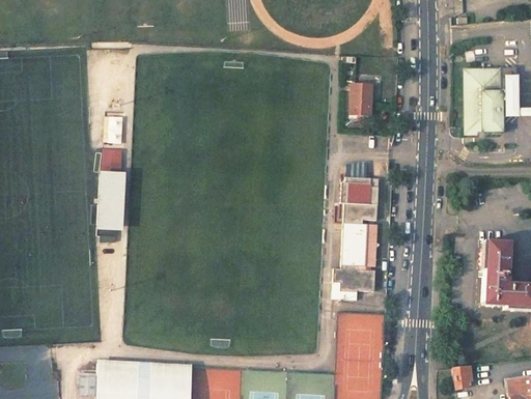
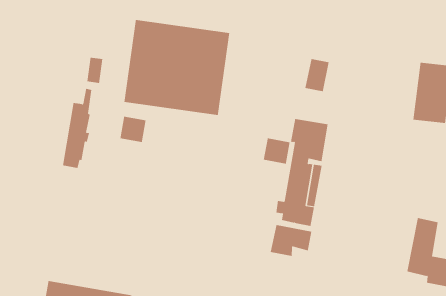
building: none -> [124,19,230,116]
building: none -> [120,116,146,143]
building: none -> [263,137,290,165]

